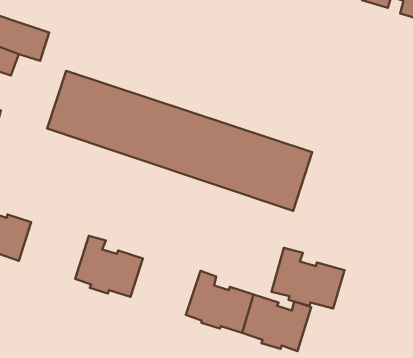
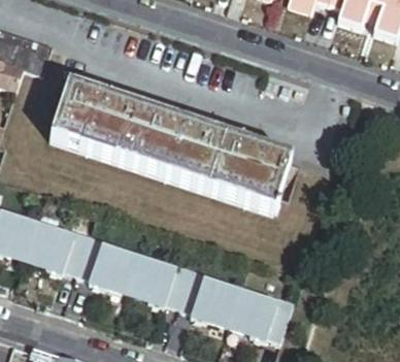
building: none -> [25,225,89,276]
building: [272,248,344,308] -> none
building: none -> [127,258,191,309]

